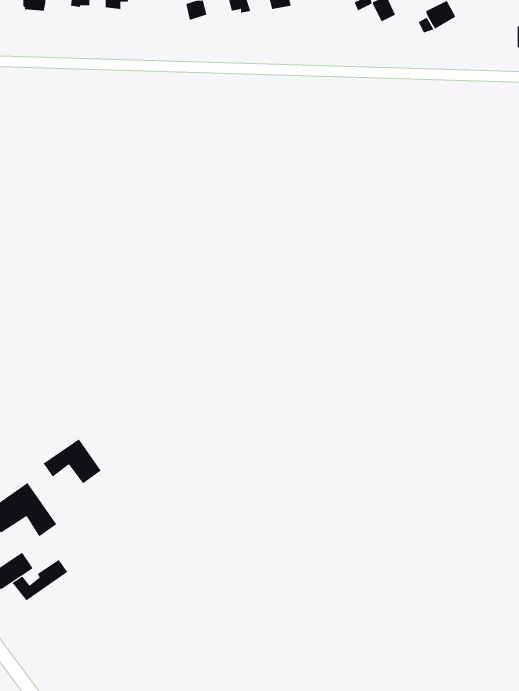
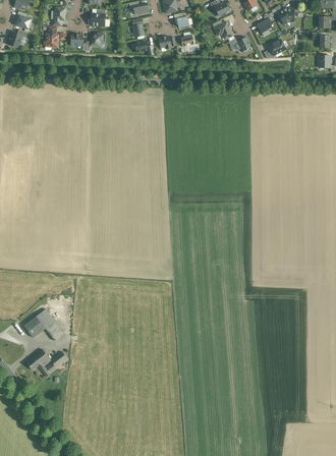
building: [43,438,101,484] -> none

